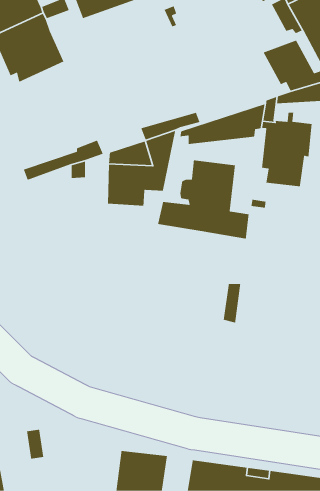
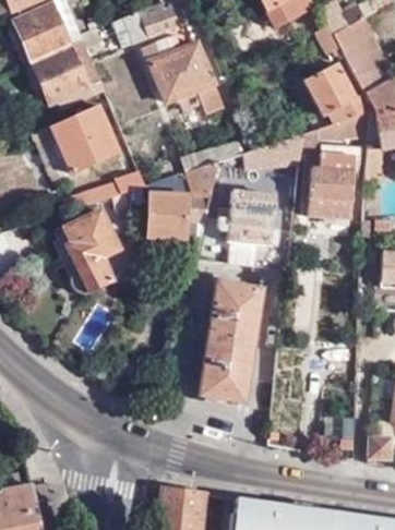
building: none -> [143,35,223,108]
building: none -> [51,104,118,171]
building: none -> [51,210,112,294]
building: none -> [202,287,262,407]

